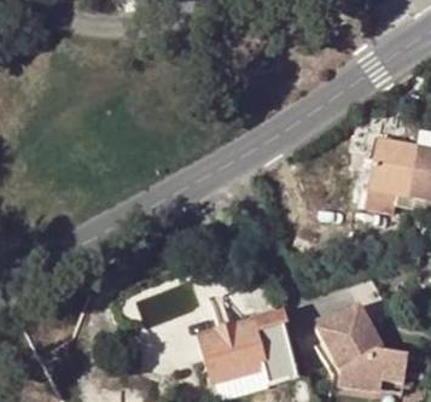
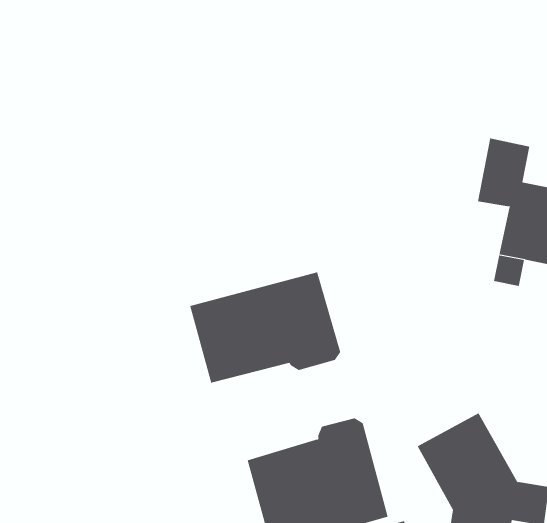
building: none -> [190,272,341,383]

